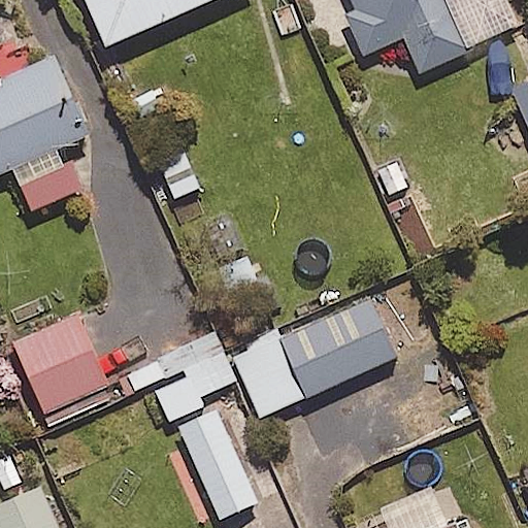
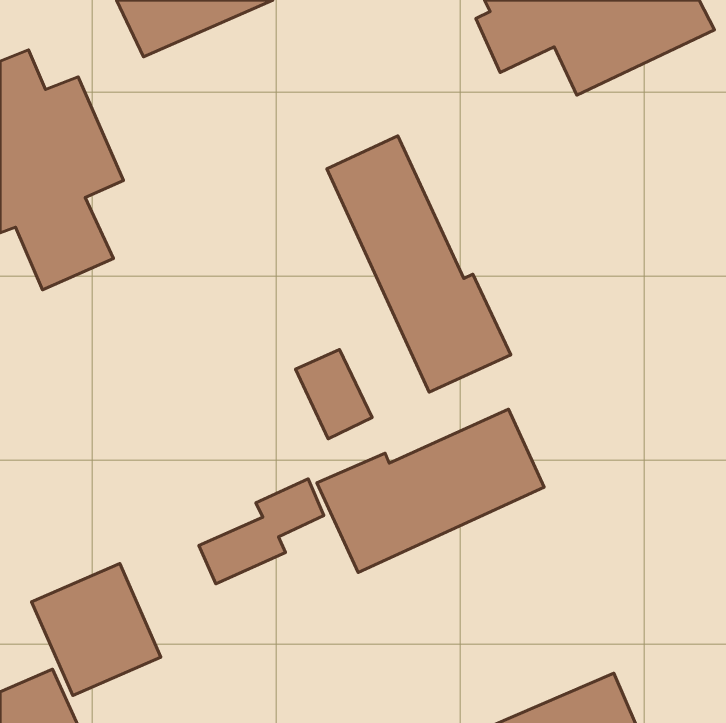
building: none -> [327,136,511,392]
building: [13,316,107,411] -> [32,563,161,696]
building: [175,406,257,521] -> none

